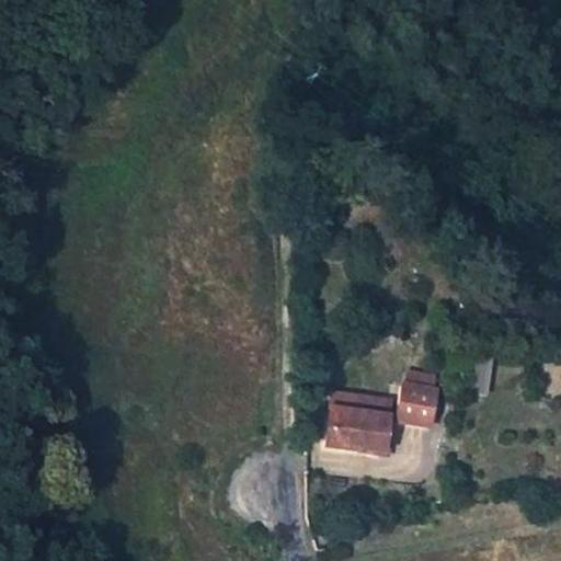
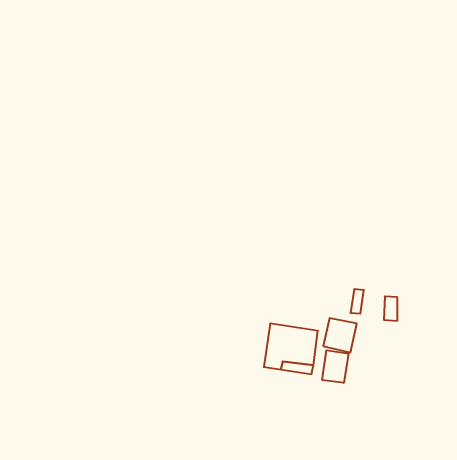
building: none -> [322,350,348,383]

